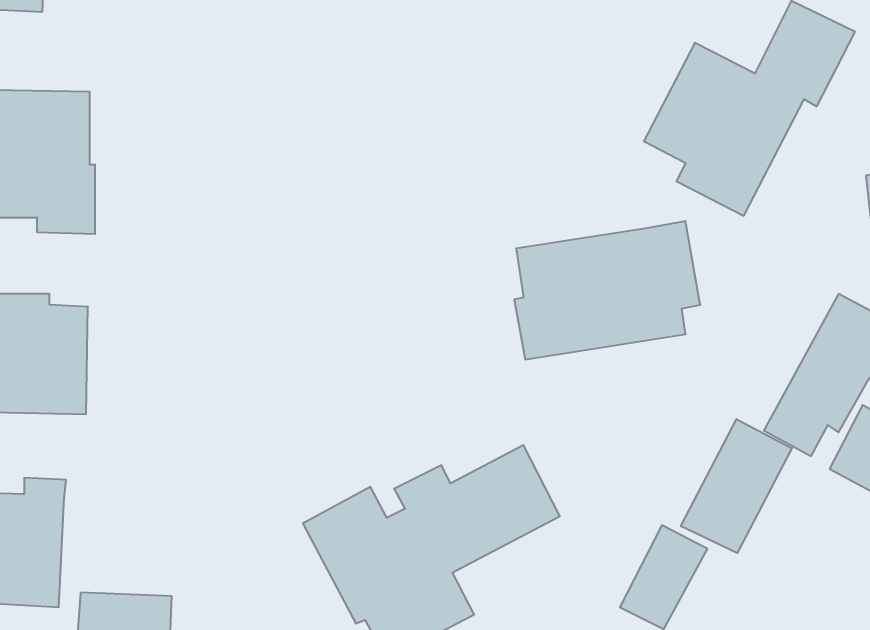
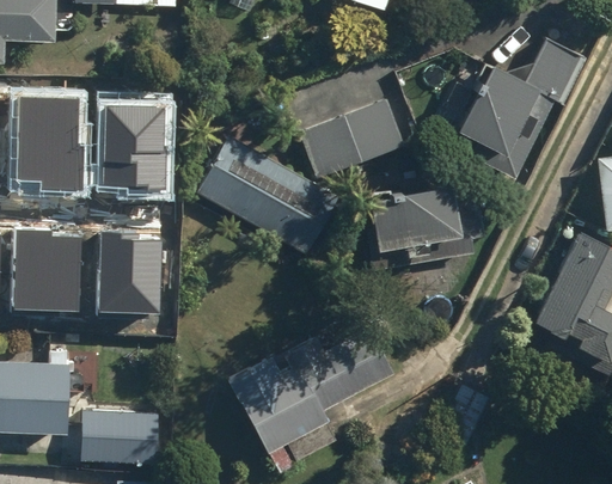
building: none -> [298,99,404,178]
building: none -> [103,108,176,190]
building: none -> [192,136,333,255]
building: none -> [102,233,164,312]
building: [681,419,792,553] -> none

